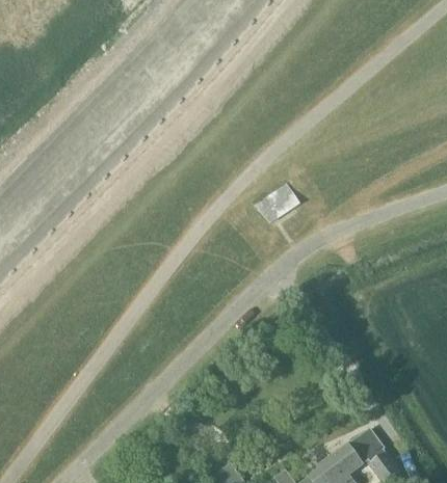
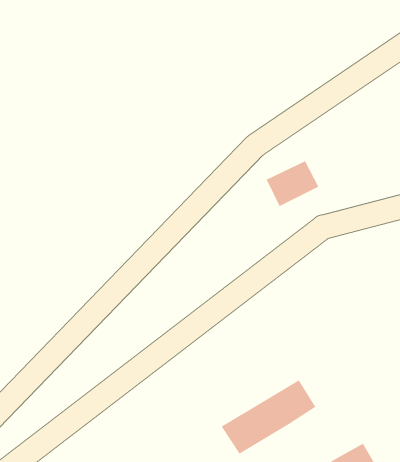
building: none -> [221,380,316,455]

